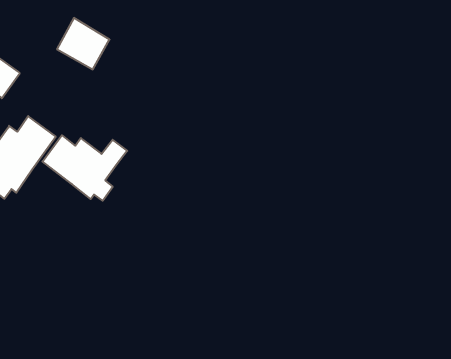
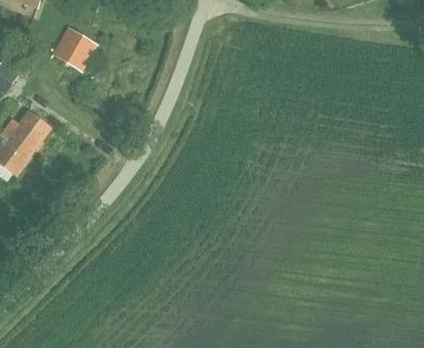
building: [42,135,127,201] -> none

